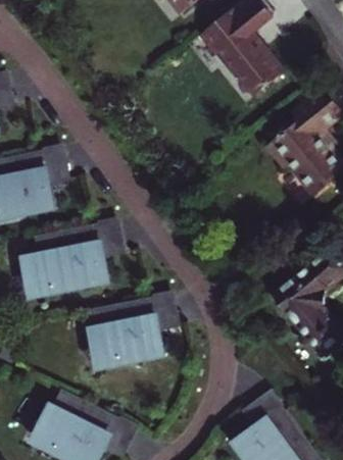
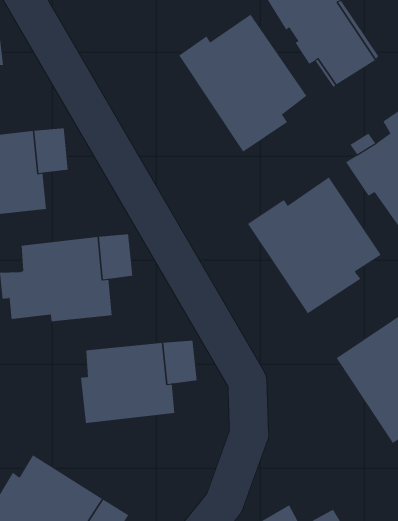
building: none -> [178,14,307,152]
building: none -> [247,177,382,314]

